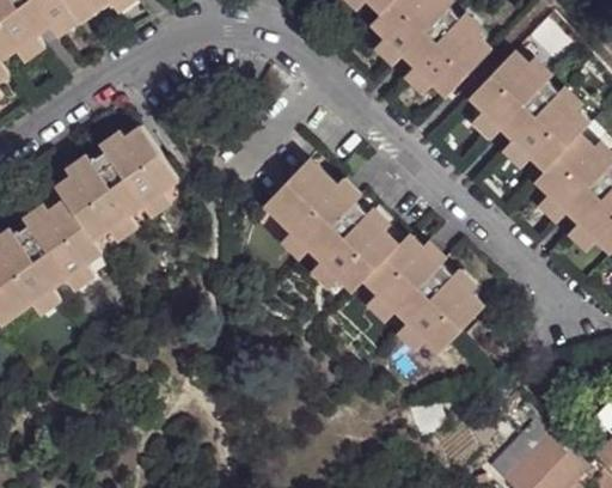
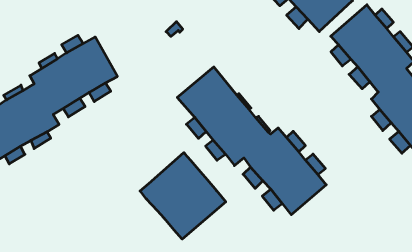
building: none -> [140,153,226,239]

